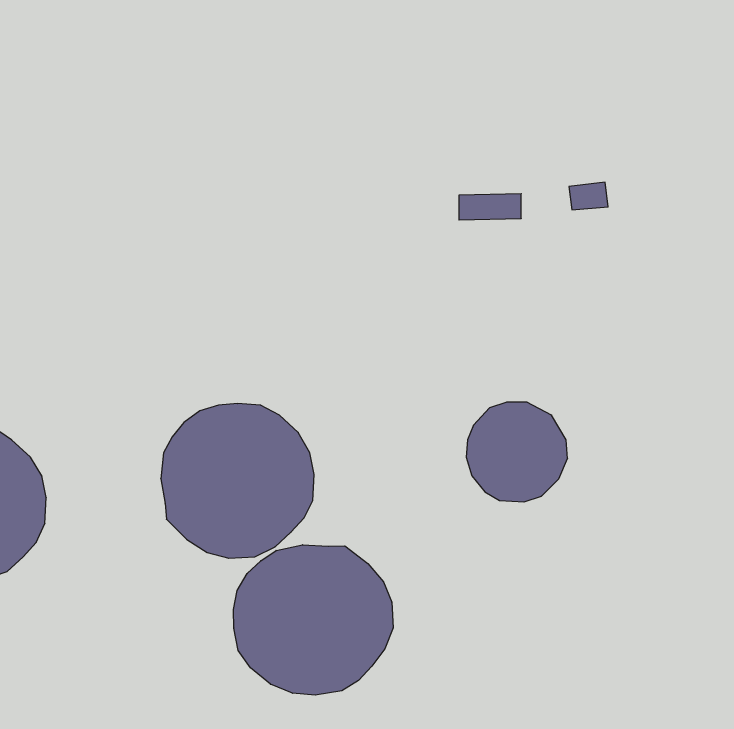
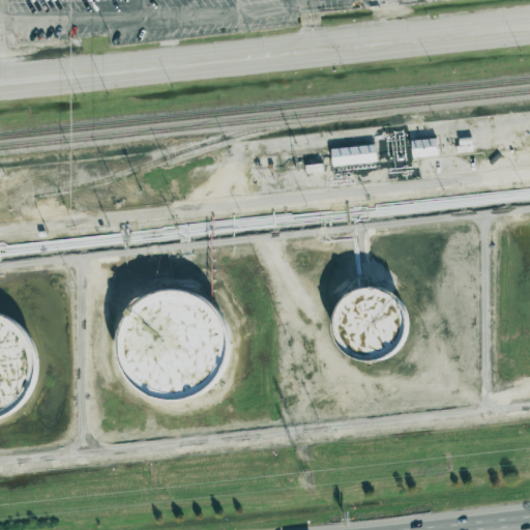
building: [233,545,393,695] -> none

